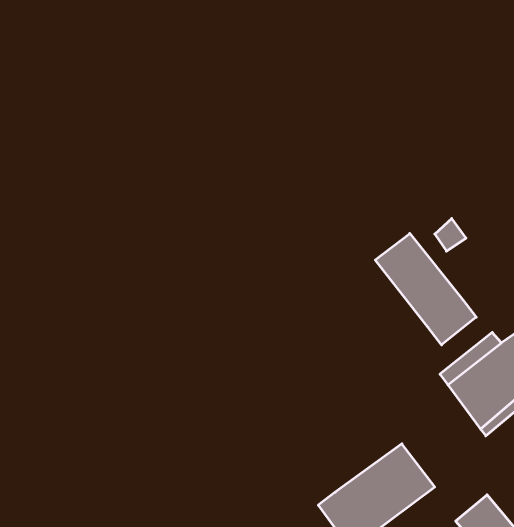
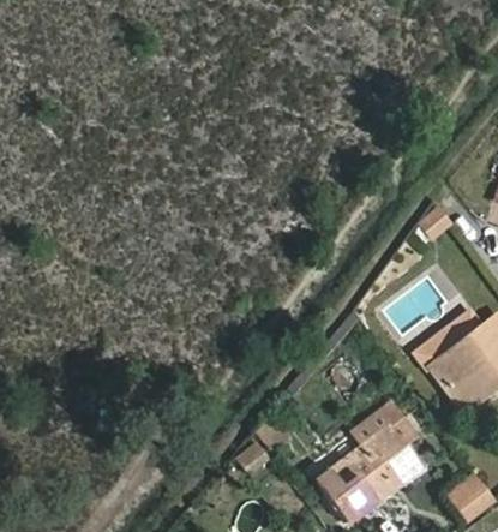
building: [375,233,476,345] -> none

